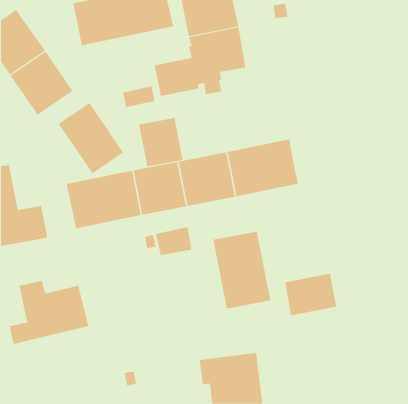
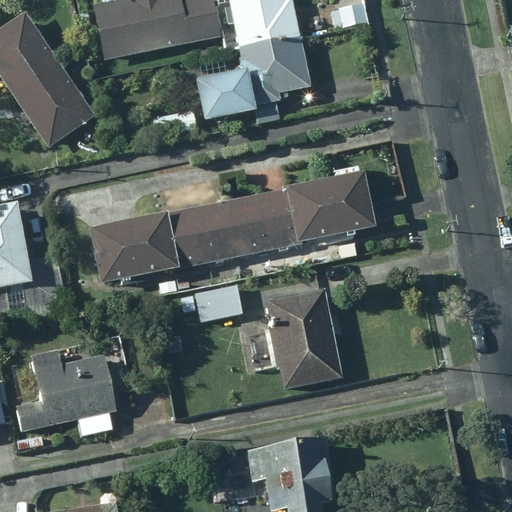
building: [58,102,124,174] -> none
building: [139,117,183,167] -> none
building: [284,273,337,316] -> none

